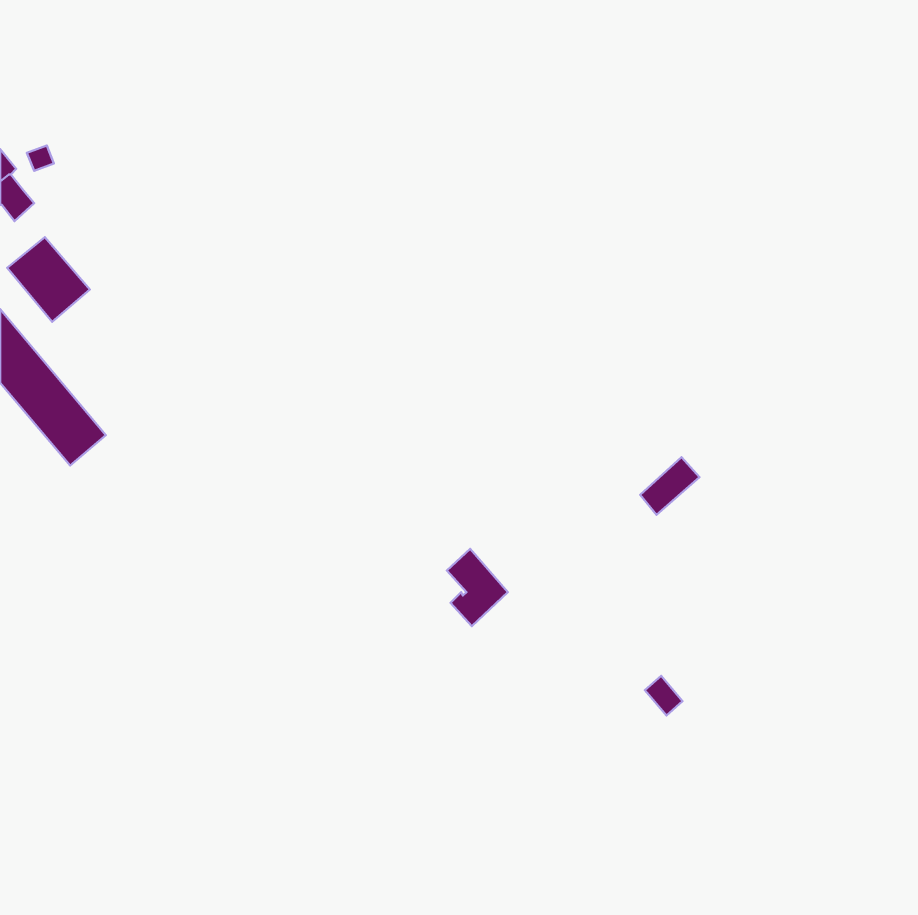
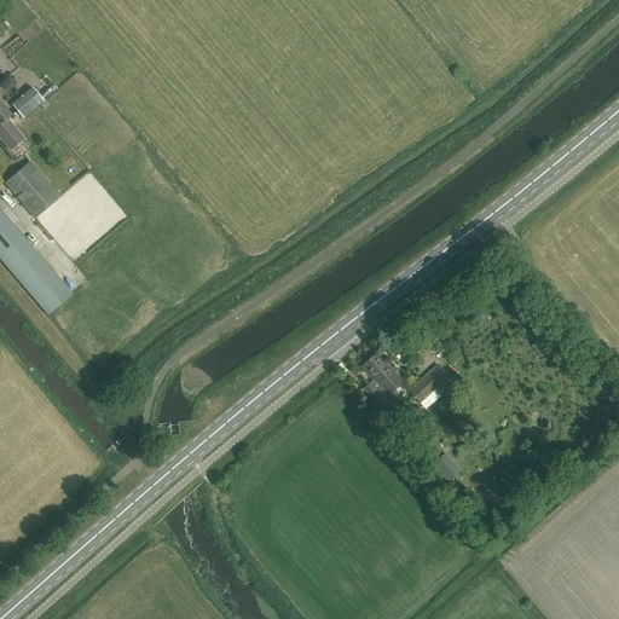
building: [640,457,700,515] -> [410,363,450,401]
building: [447,549,508,626] -> [363,351,404,403]

